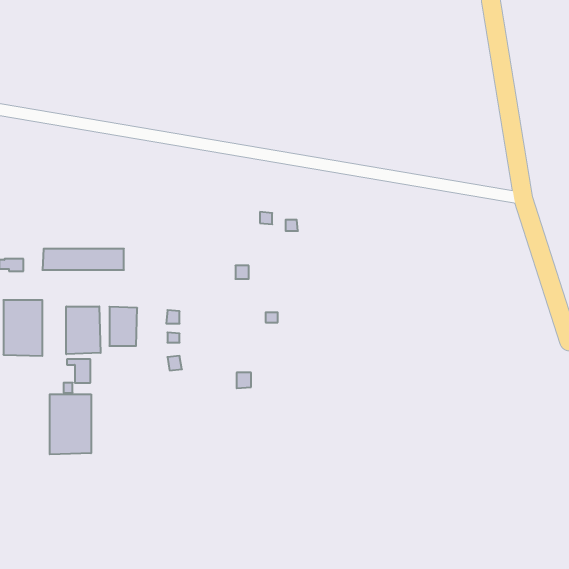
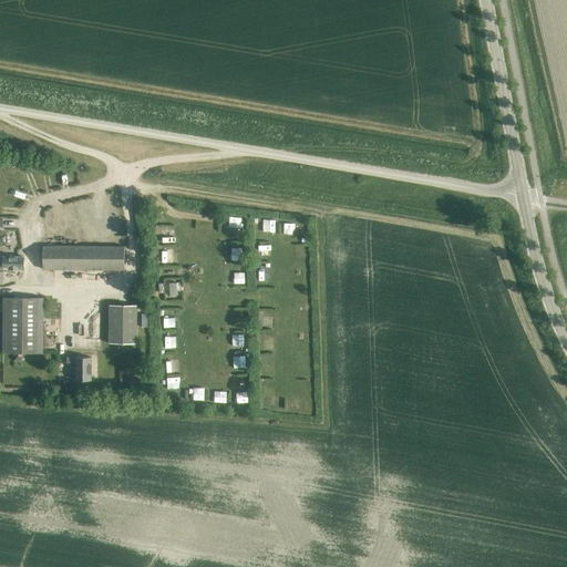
building: [66,306,101,354] -> none
building: [50,394,91,454] -> none

